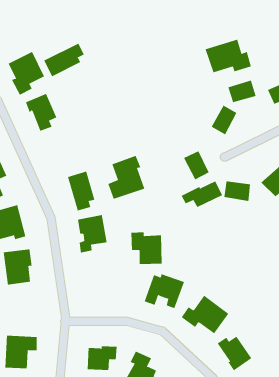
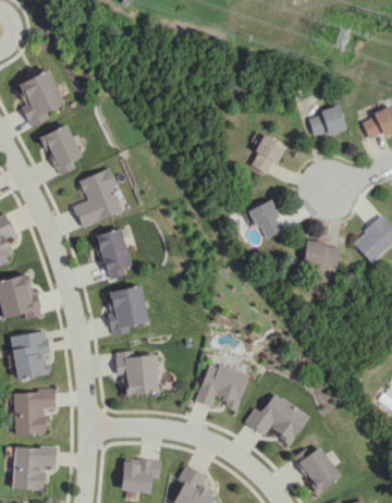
building: [205,39,251,73] -> none
building: [43,43,84,77] -> none
building: [211,105,237,135] -> [248,135,283,175]
building: [107,155,145,199] -> [73,168,123,226]
building: [181,180,223,208] -> none
building: [130,232,163,265] -> [115,351,158,394]
building: none -> [12,390,54,434]

